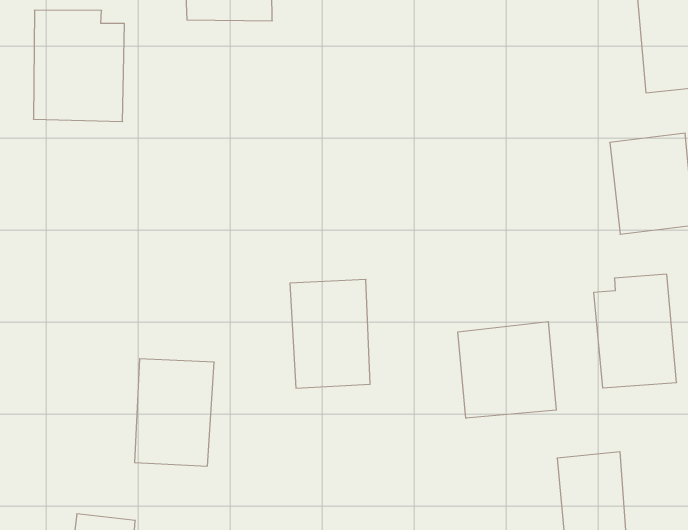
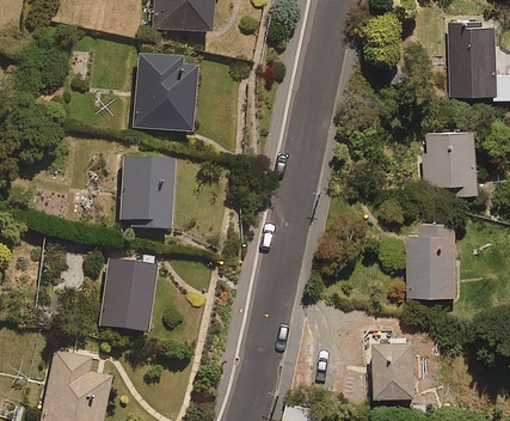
building: [33,10,124,122] -> [130,57,195,135]
building: [290,279,370,388] -> [122,158,173,228]
building: [458,322,556,418] -> none

